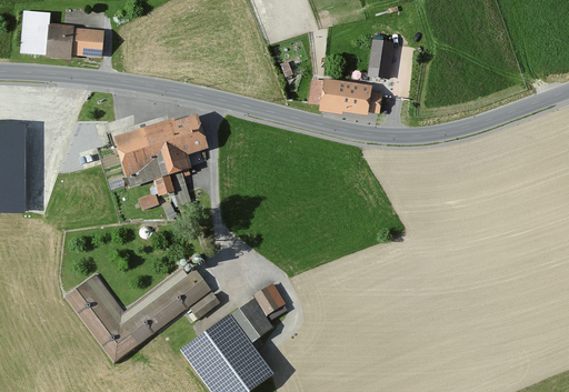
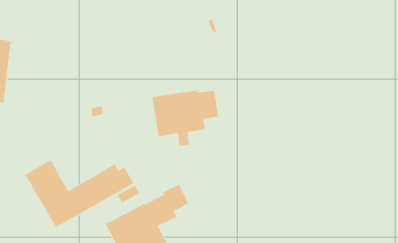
building: [371,32,395,71] -> none
building: [308,67,370,114] -> none
building: [113,114,206,194] -> [152,90,219,146]

